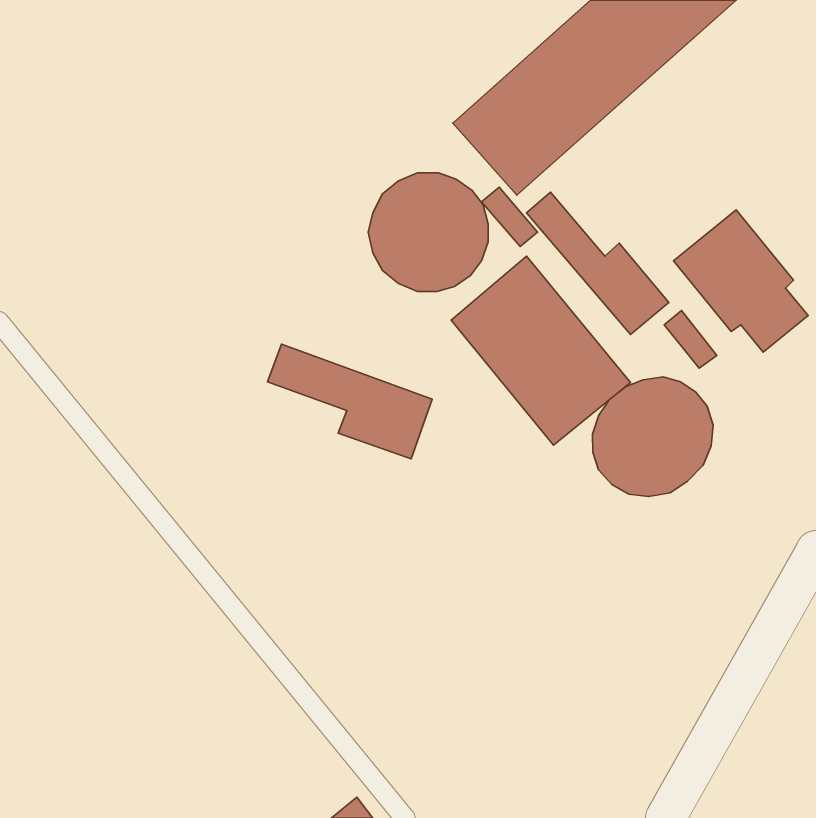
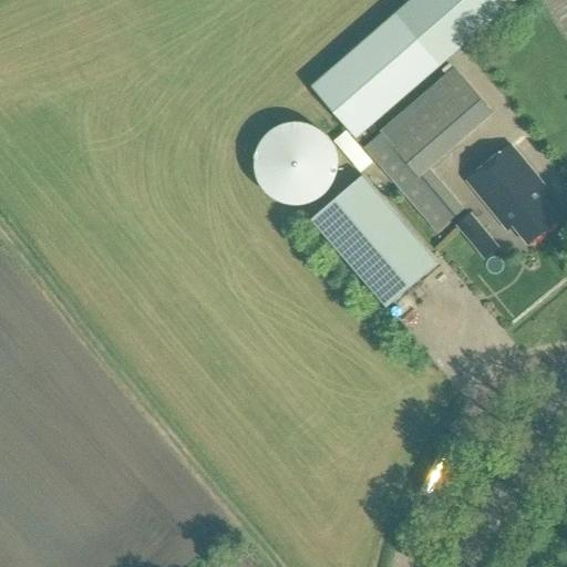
building: none -> [383,70,491,173]
building: [268,344,432,459] -> none
building: [593,377,713,496] -> none

